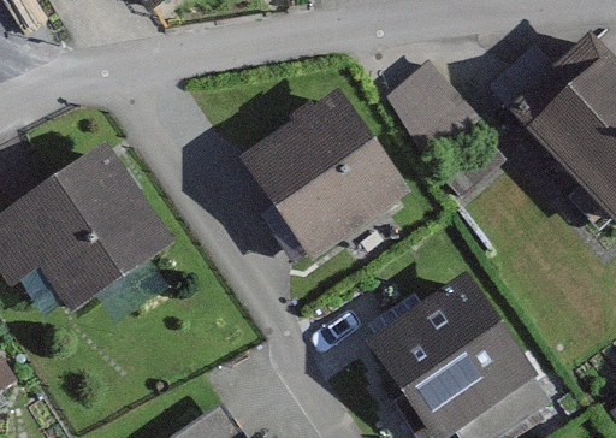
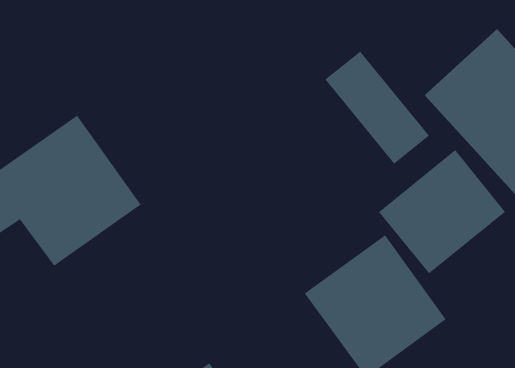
building: [241,96,404,261] -> none
building: none -> [378,149,506,274]

